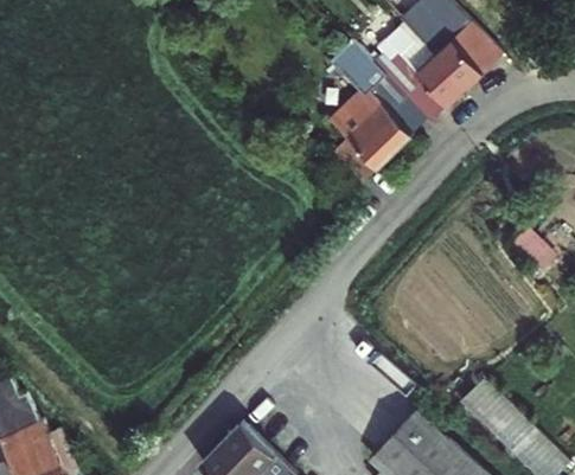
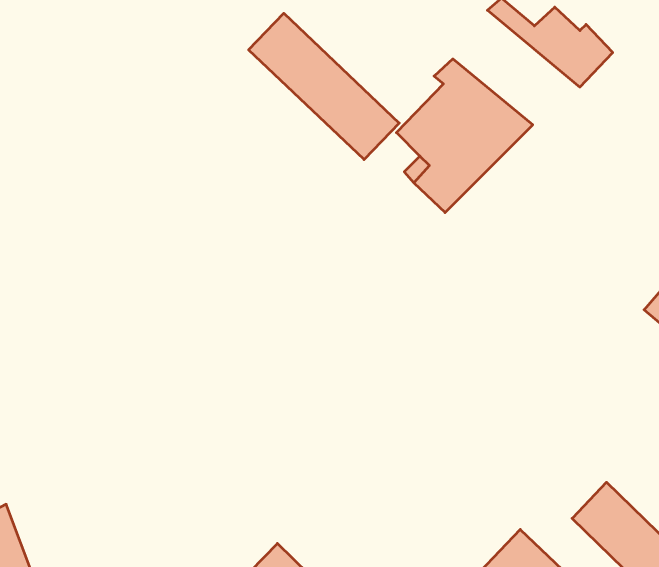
building: [372,21,468,113] -> none
building: none -> [249,13,399,160]

